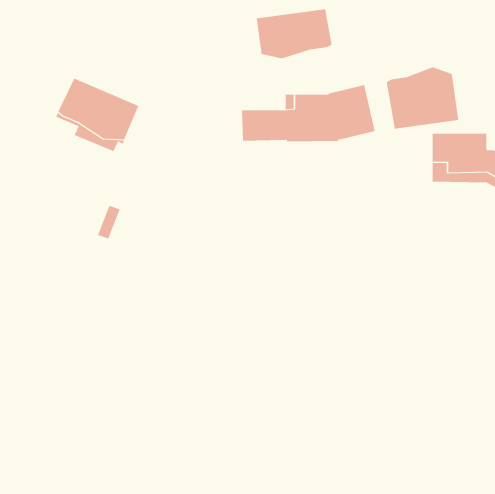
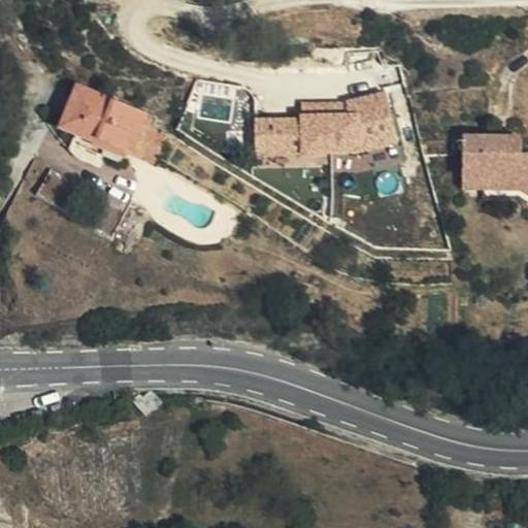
building: [256,8,332,59] -> none
building: [386,66,459,130] -> none

